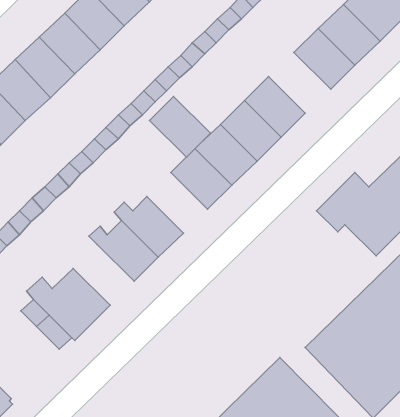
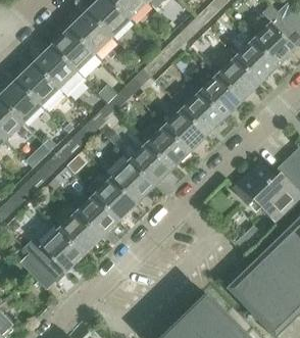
building: none -> [198,74,243,117]
building: [150,96,210,157] -> [110,160,154,204]
building: none -> [57,212,101,256]

